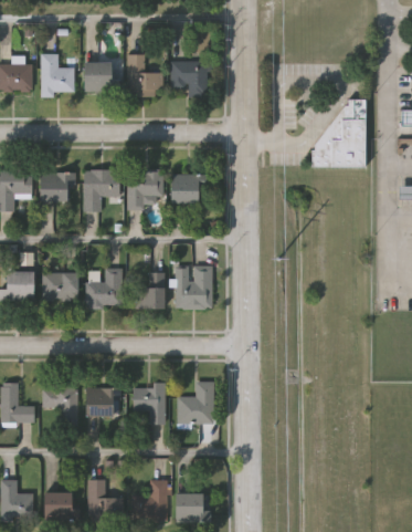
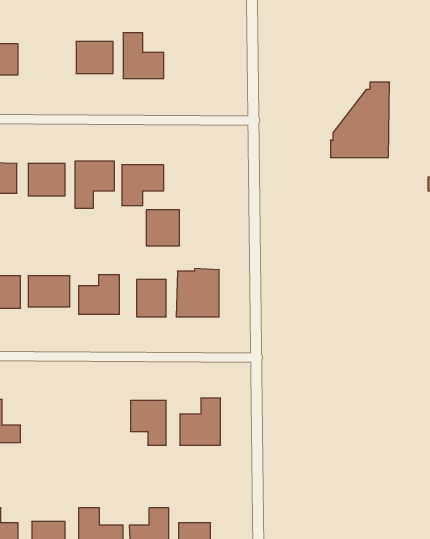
building: [41,54,73,94] -> none
building: [169,61,208,94] -> none
building: [171,174,201,206] -> [146,210,180,246]
building: [42,384,76,416] -> none
building: [86,387,117,416] -> none

